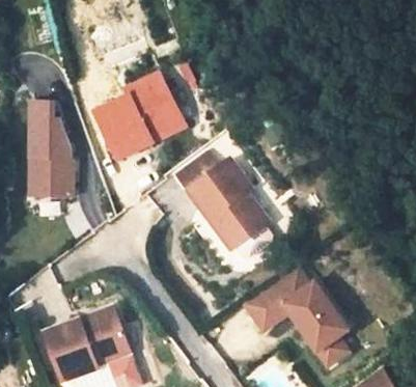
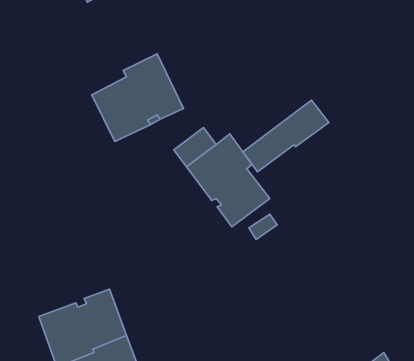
building: [30,105,73,198] -> none
building: none -> [243,100,329,172]
building: [244,265,348,364] -> none

